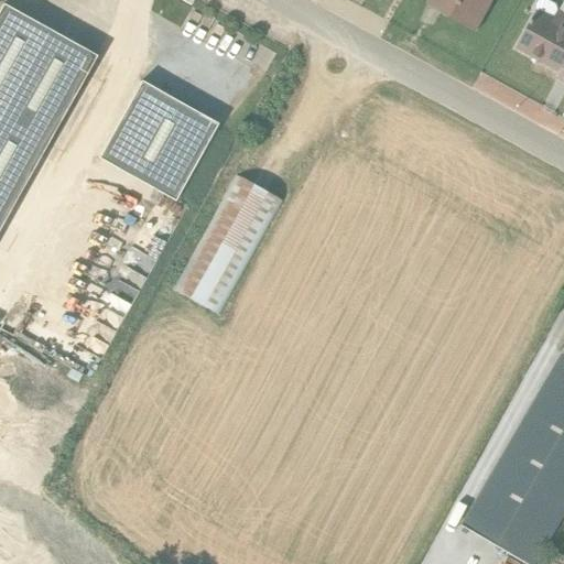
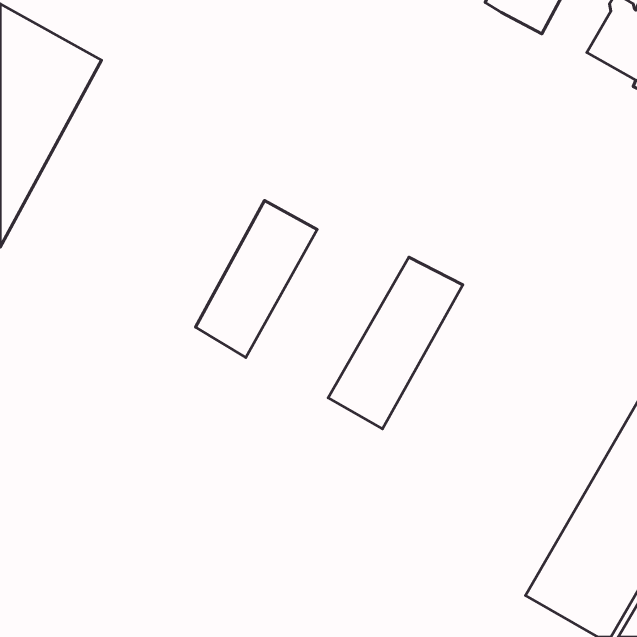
building: [98,79,218,198] -> none
building: none -> [328,257,463,429]

